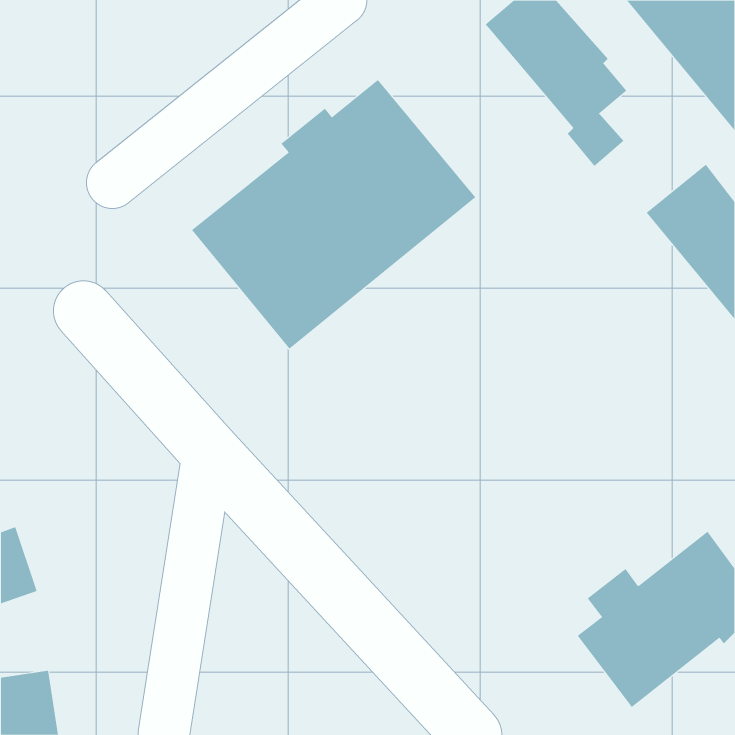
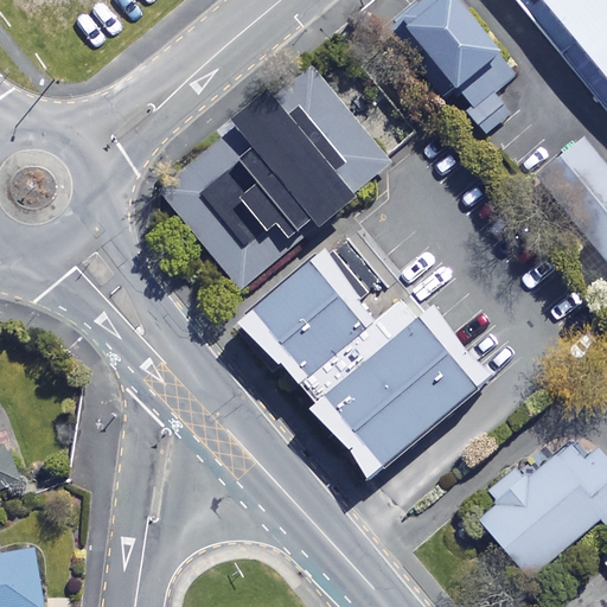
building: none -> [237,248,492,479]

